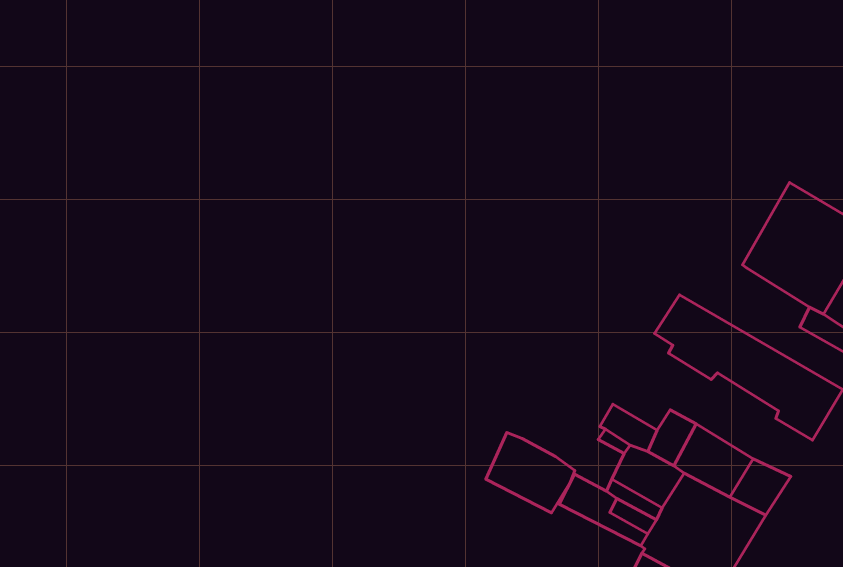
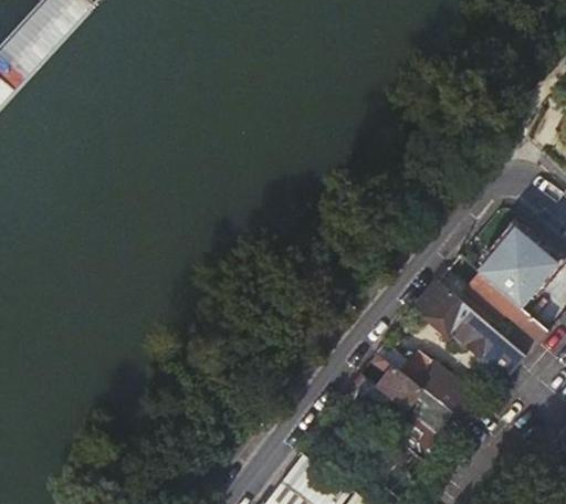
building: none -> [465,274,514,322]
building: [486,433,575,513] -> none

